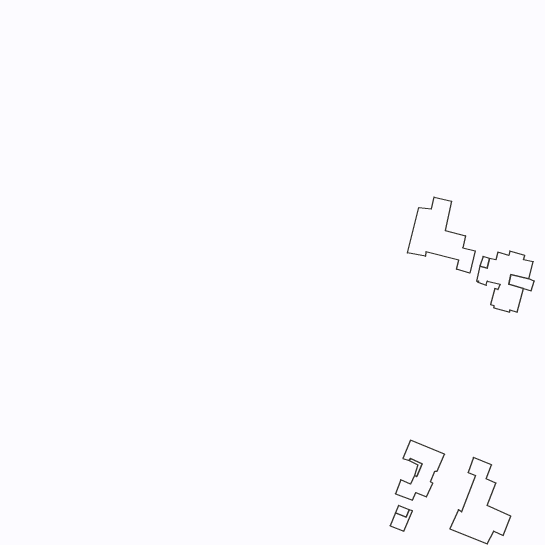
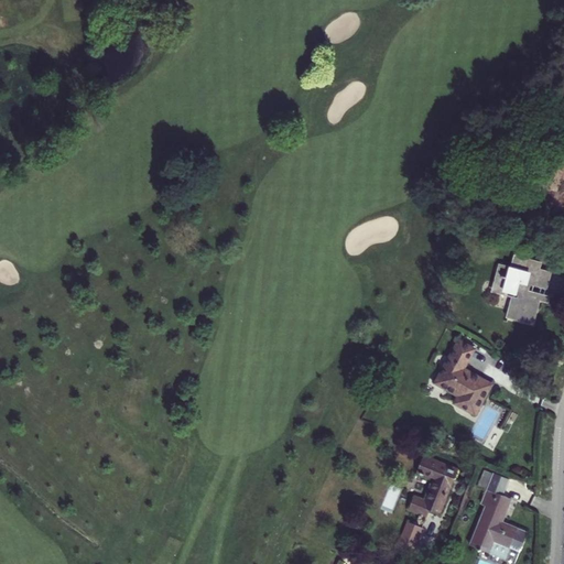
building: [407,197,475,273] -> none
building: none -> [433,337,492,414]

